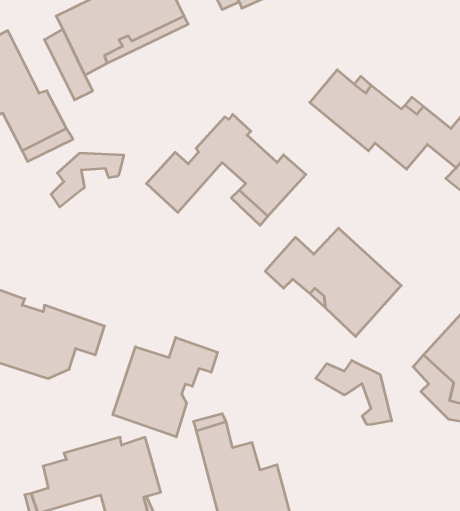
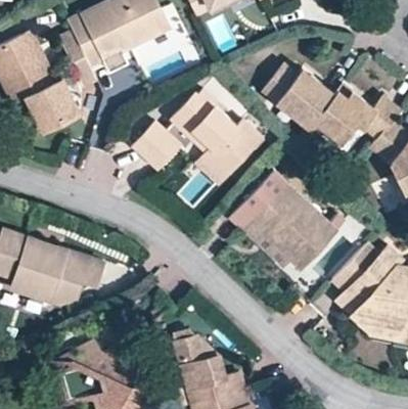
building: [51,153,124,207] -> none
building: [113,337,218,437] -> none
building: [316,360,392,425] -> none

